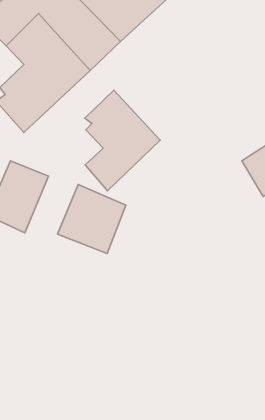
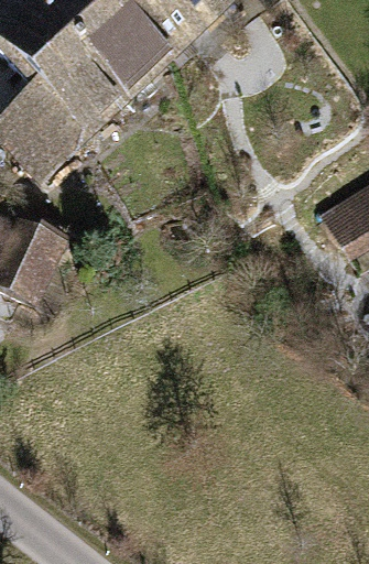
building: [85,90,160,191] -> none
building: [57,185,126,253] -> none

